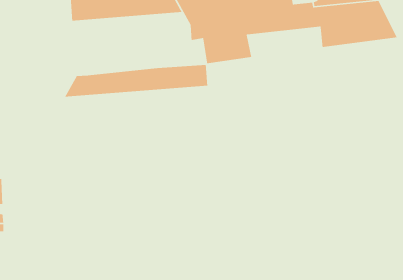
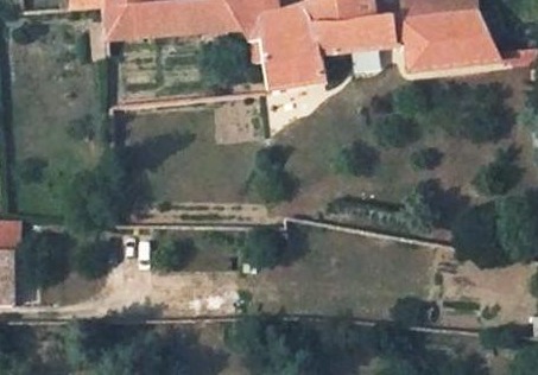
building: [64,64,208,98] -> none

